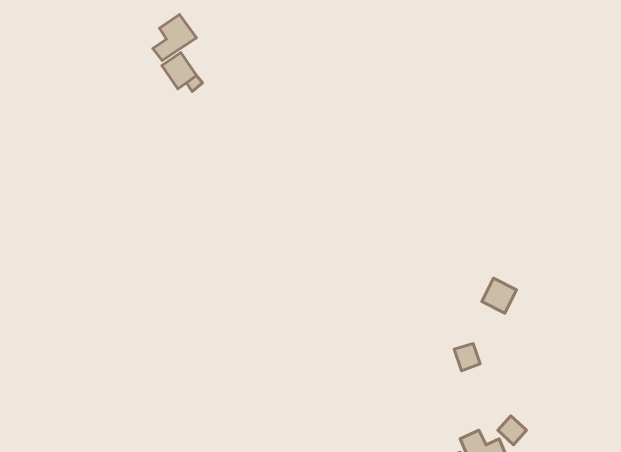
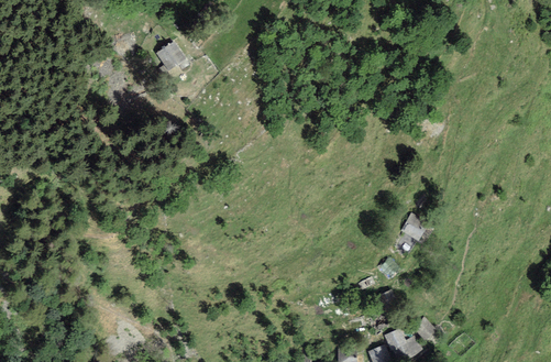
building: [153,15,197,61] -> none

